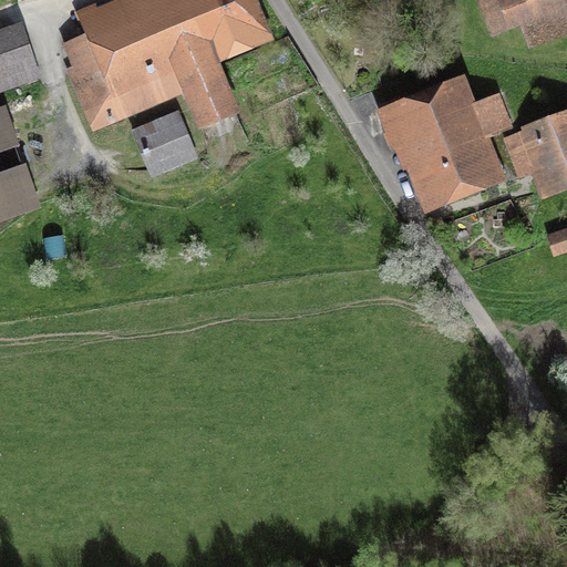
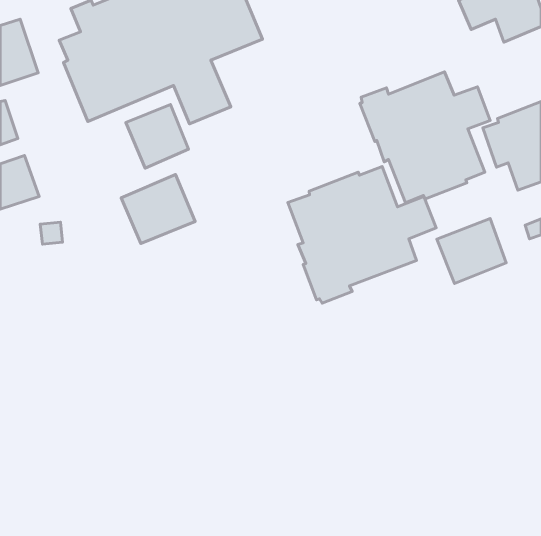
building: none -> [288,167,436,303]
building: none -> [121,174,195,243]
building: none -> [437,219,506,283]

